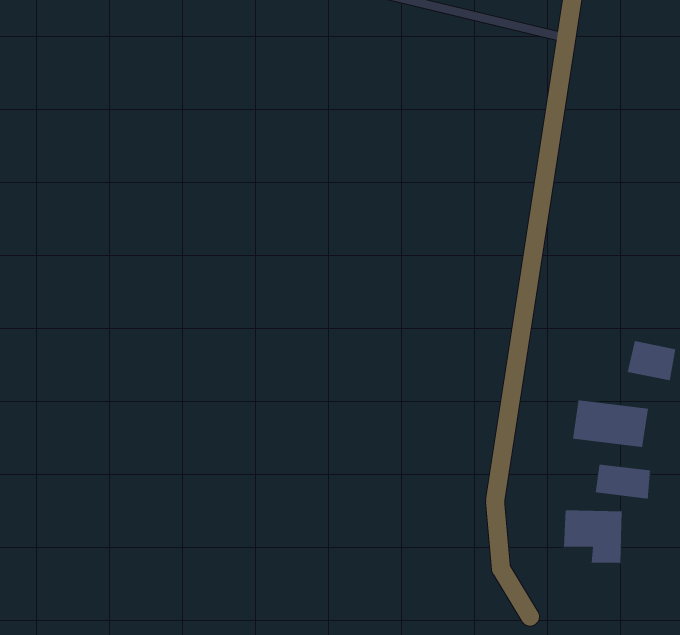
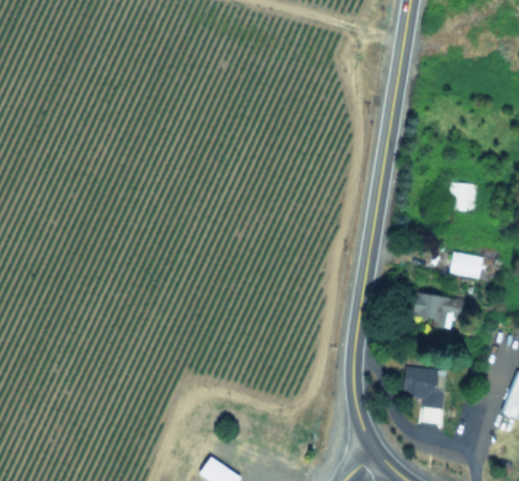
building: none -> [449,181,475,211]
building: [595,464,651,499] -> none

